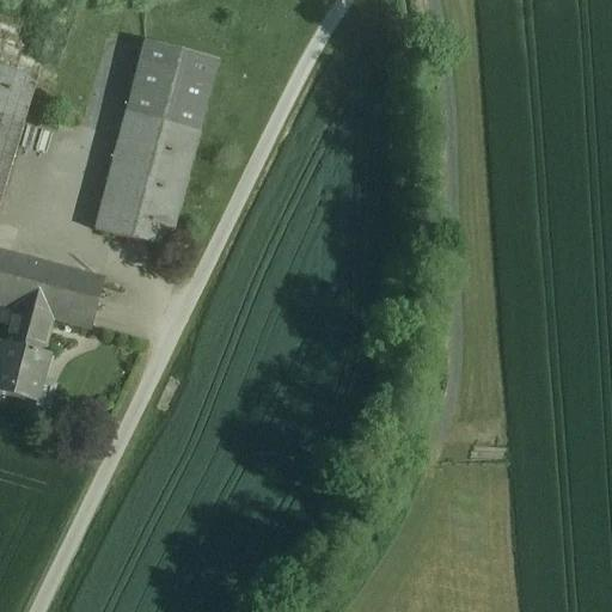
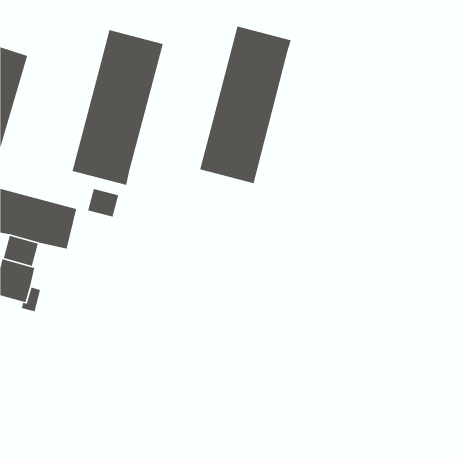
building: none -> [199,25,292,184]
building: none -> [87,188,119,217]

